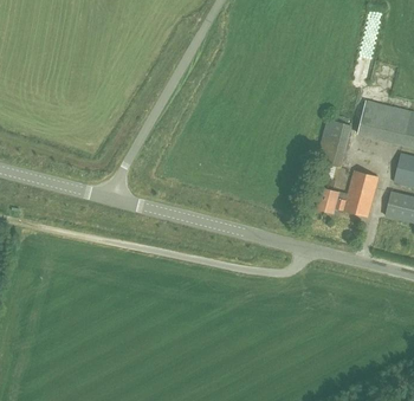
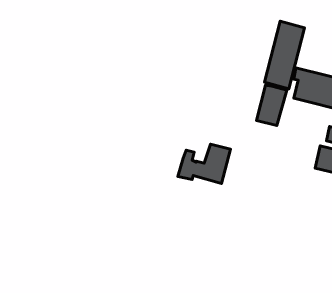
building: none -> [264,21,305,89]
building: [316,170,377,216] -> [178,144,231,183]

